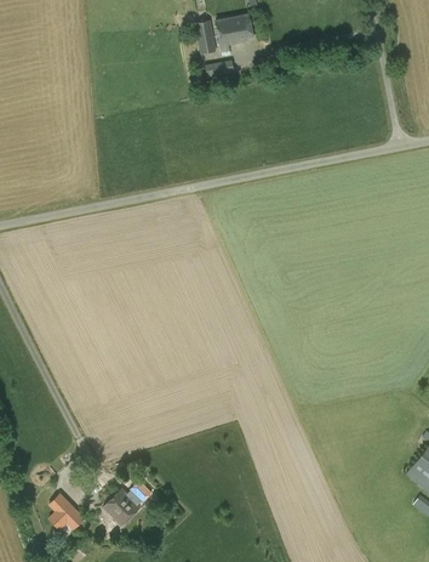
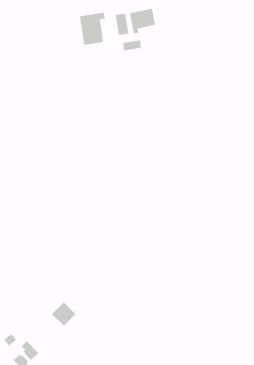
building: none -> [79,12,105,46]
building: [102,488,138,524] -> [51,302,76,327]

